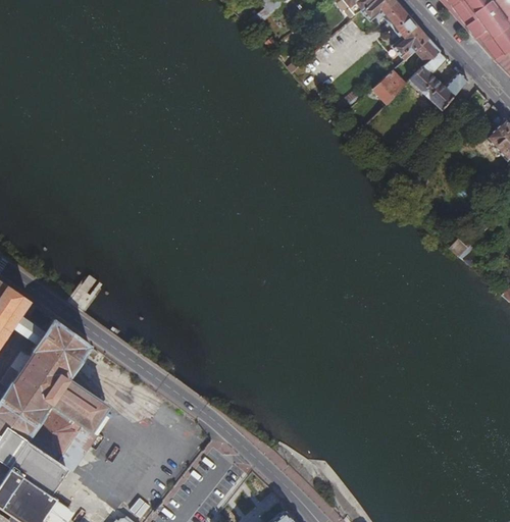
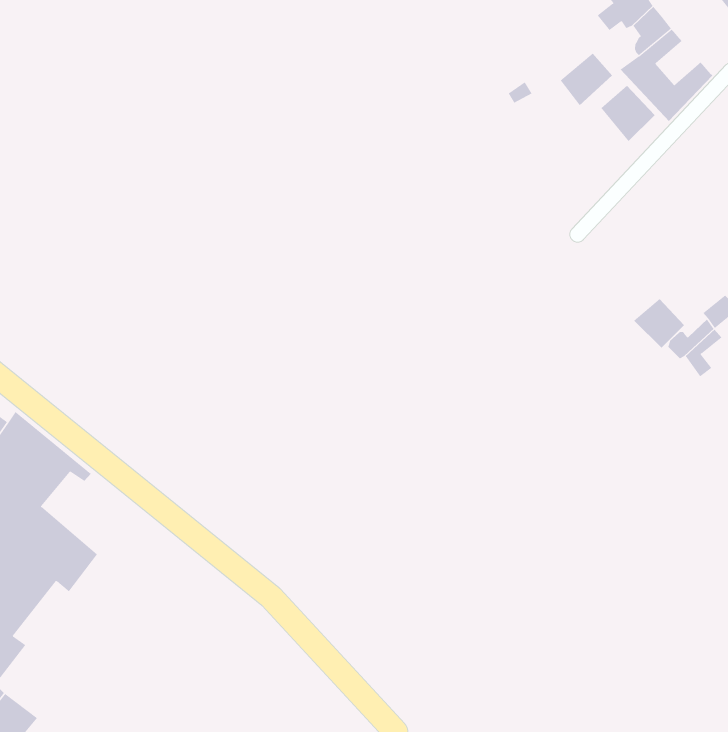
building: none -> [601,85,655,142]
building: none -> [633,298,685,348]
building: [56,420,96,466] -> none

